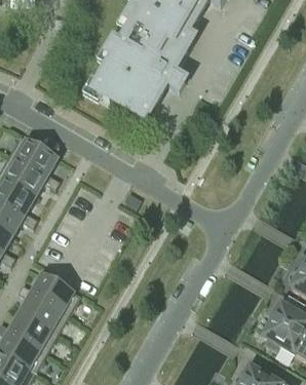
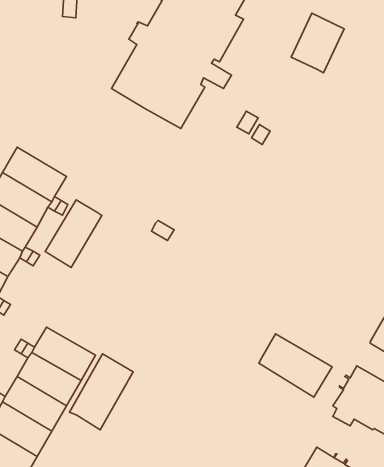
building: none -> [291,13,344,73]
building: none -> [45,200,102,267]
building: none -> [259,334,332,397]
building: none -> [70,354,133,430]

